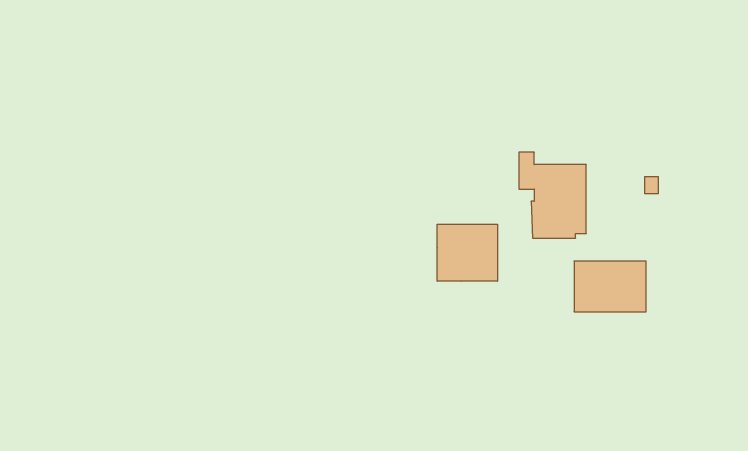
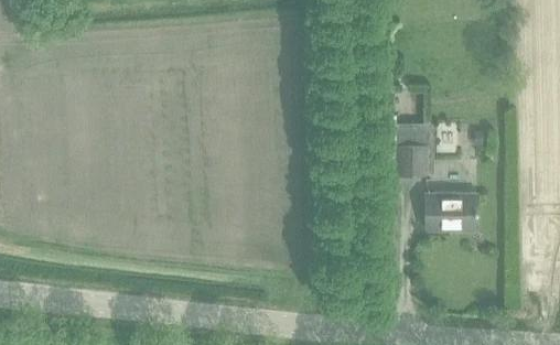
building: [437,224,497,281] -> none

